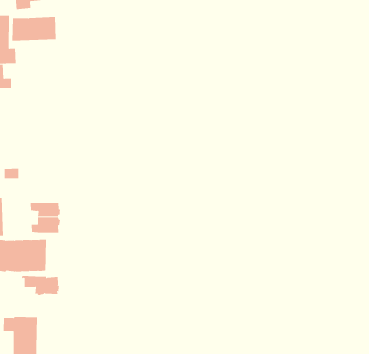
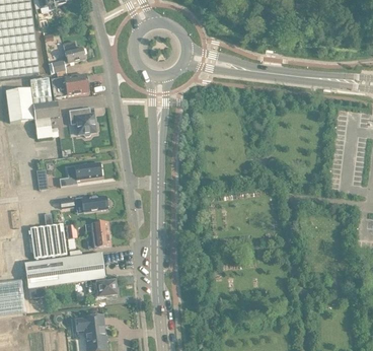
building: none -> [68,107,96,136]
building: none -> [59,162,101,186]
building: none -> [75,196,108,212]

